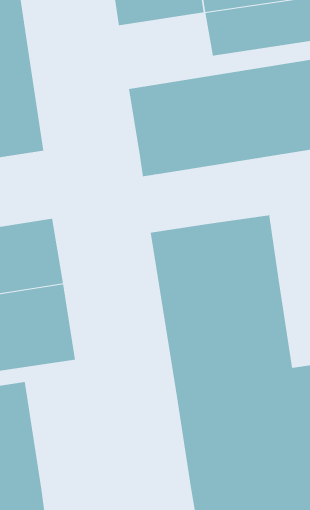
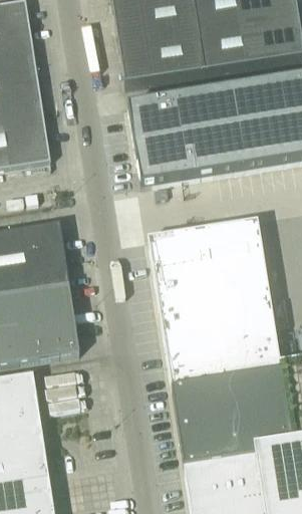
building: none -> [118,33,205,85]

